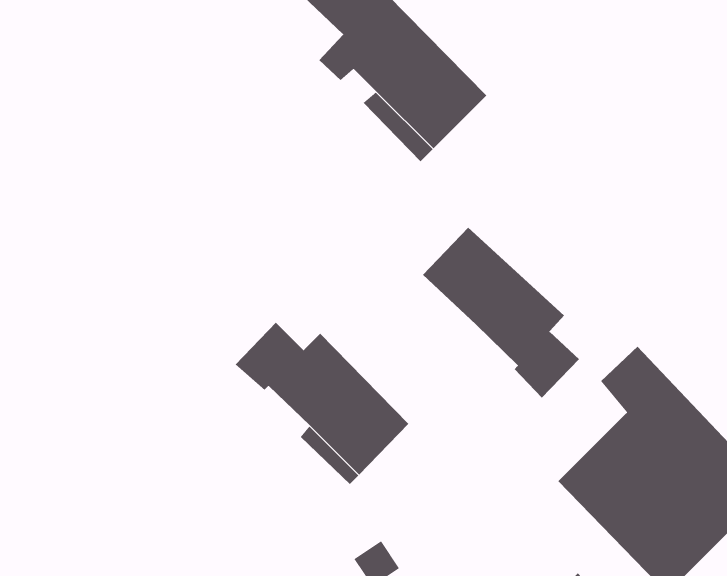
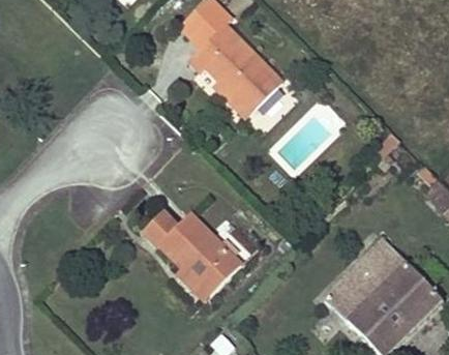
building: [422,227,580,399] -> none

